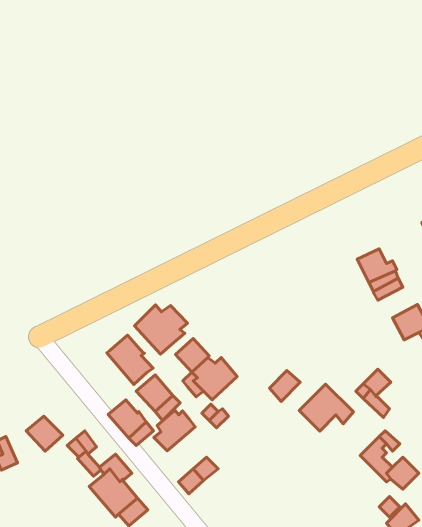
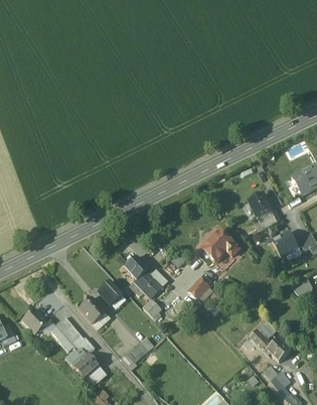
building: [134,305,187,354] -> none
building: [107,335,153,385] -> none
building: [299,384,353,431] -> [202,230,240,262]
building: [154,410,195,451] -> none

